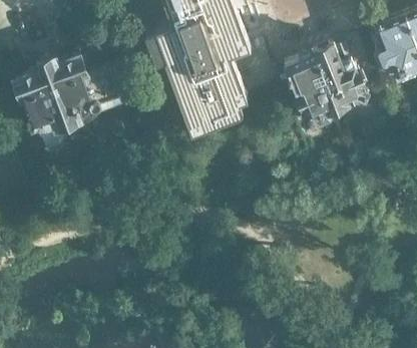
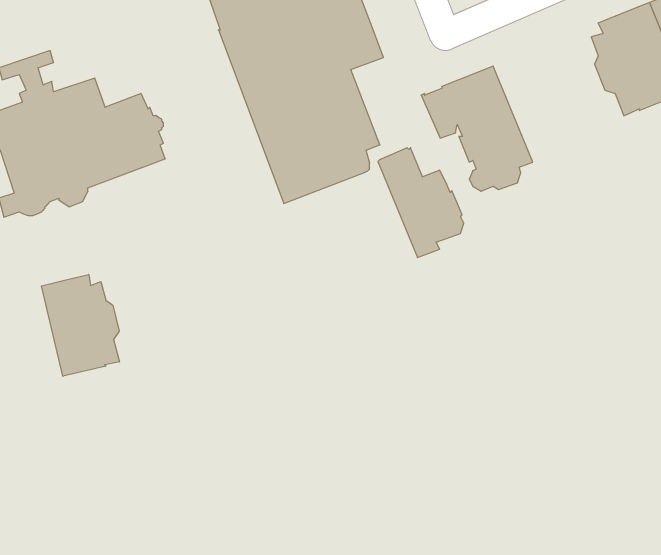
building: [317,46,367,110] -> [378,148,464,258]
building: none -> [41,274,119,376]

